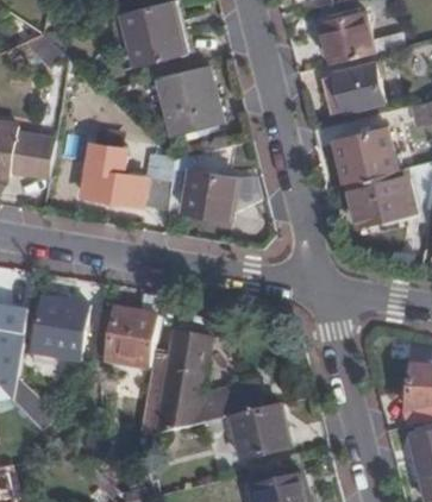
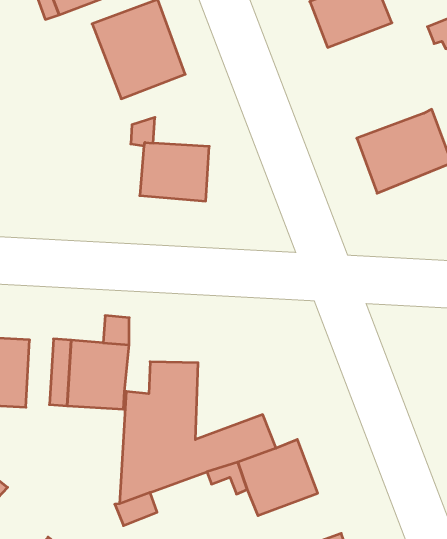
building: [333,127,397,184] -> none
building: [83,145,169,209] -> none

